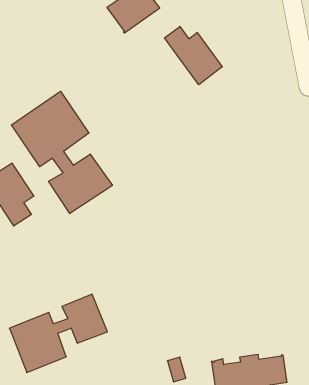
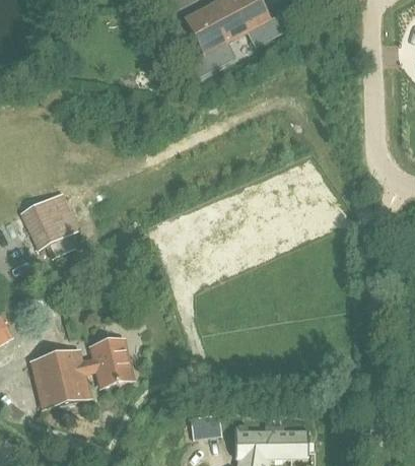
building: [165,26,222,85] -> none
building: [11,91,112,214] -> none

